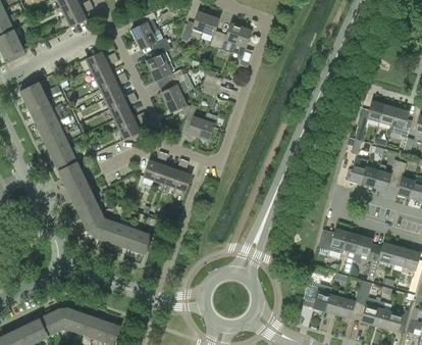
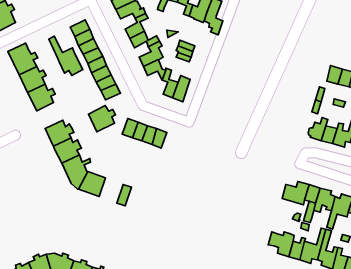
building: none -> [49,36,83,76]
building: [49,142,78,170] -> [89,106,115,132]
building: [117,221,144,252] -> none

